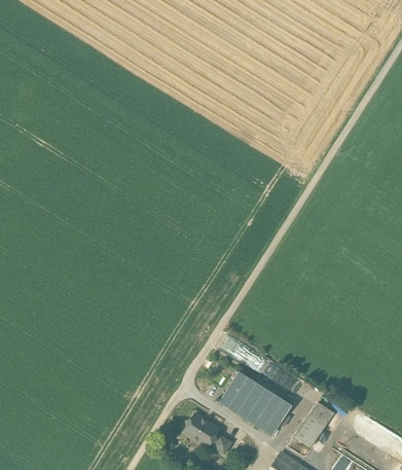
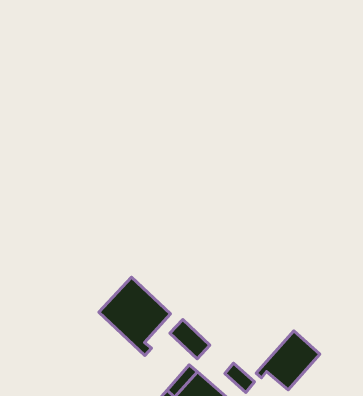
building: none -> [99,277,171,355]
building: none -> [256,331,320,390]

